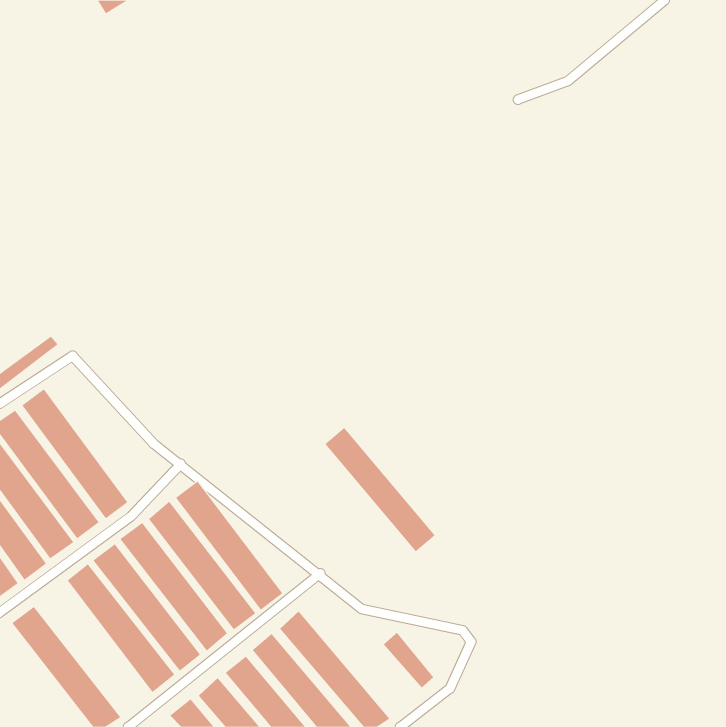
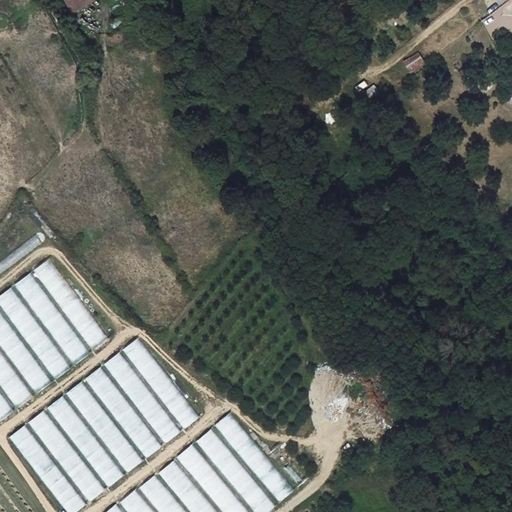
building: none -> [34,258,109,350]
building: [324,427,436,552] -> [215,413,293,501]
building: none -> [28,411,104,501]

